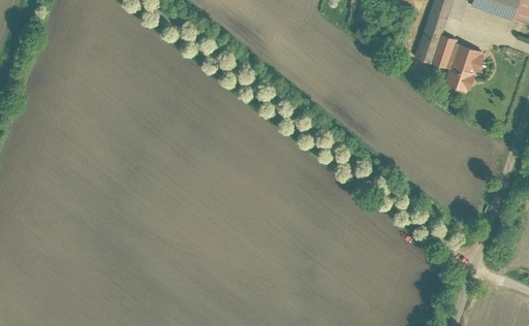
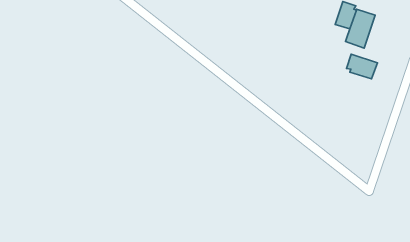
building: none -> [346,54,378,79]

